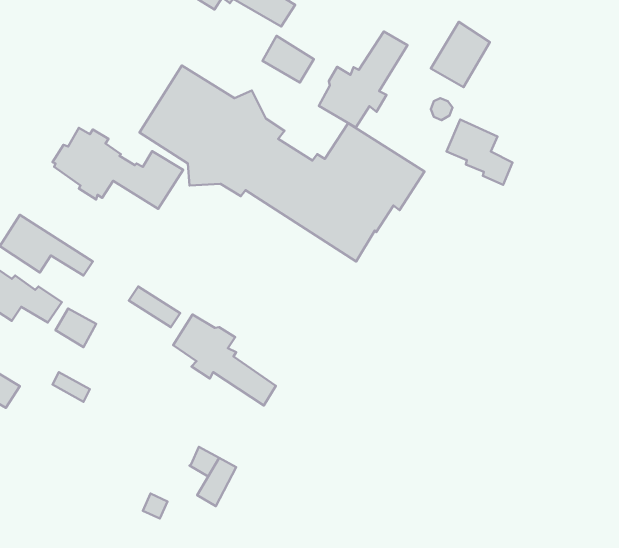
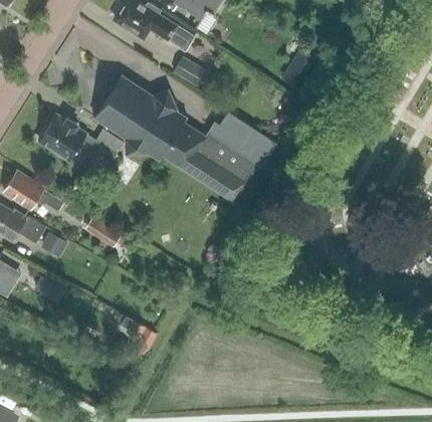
building: [319,32,408,127] -> none
building: [447,119,513,185] -> none
building: [173,314,276,405] -> none

